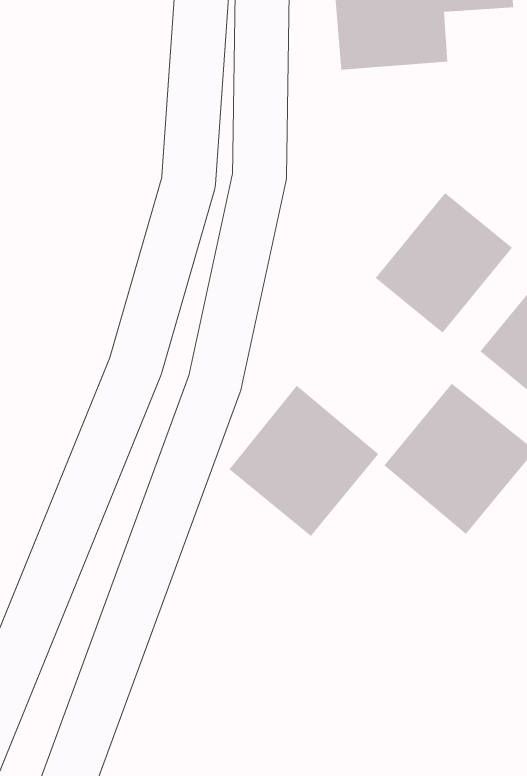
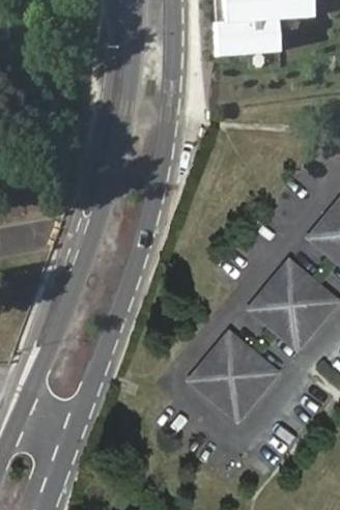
building: [375,192,513,334] -> none
building: [229,385,379,537] -> [187,323,281,419]

